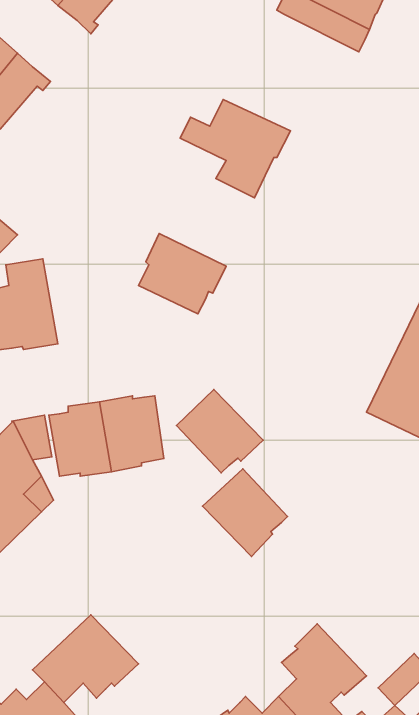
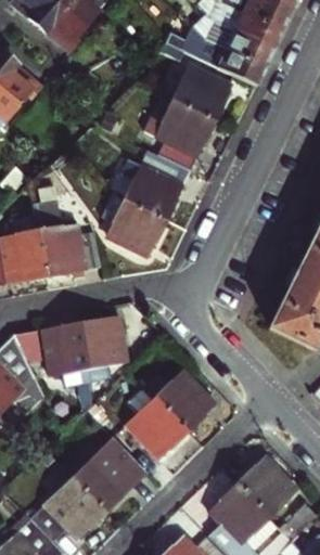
building: none -> [166,37,266,86]
building: none -> [167,66,230,124]
building: none -> [120,158,190,222]
building: none -> [34,204,100,279]
building: [177,390,263,473] -> [125,397,188,457]
building: none -> [71,439,144,512]
building: none -> [235,459,296,520]

